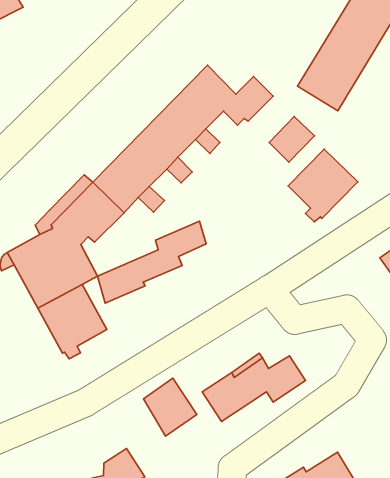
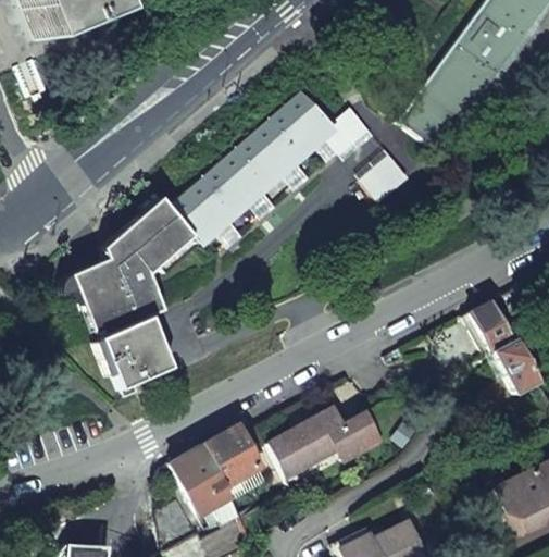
building: [288,149,358,222] -> none
building: [97,221,206,303] -> none
building: none -> [171,445,239,521]

